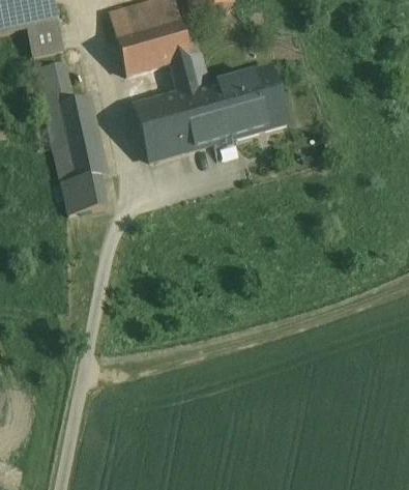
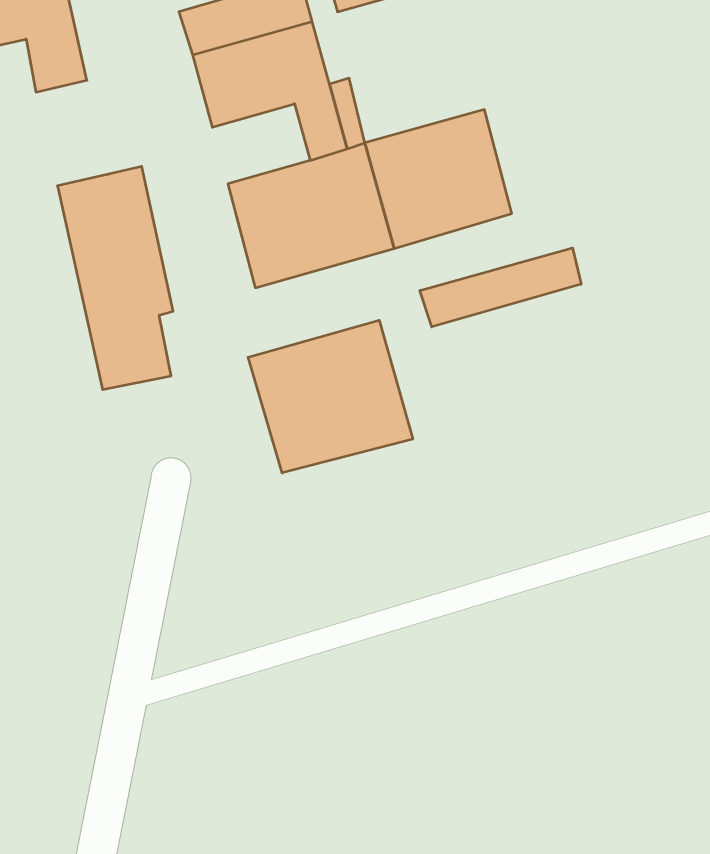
building: [36,60,72,105] -> none
building: none -> [420,248,581,327]
building: none -> [248,320,413,473]

